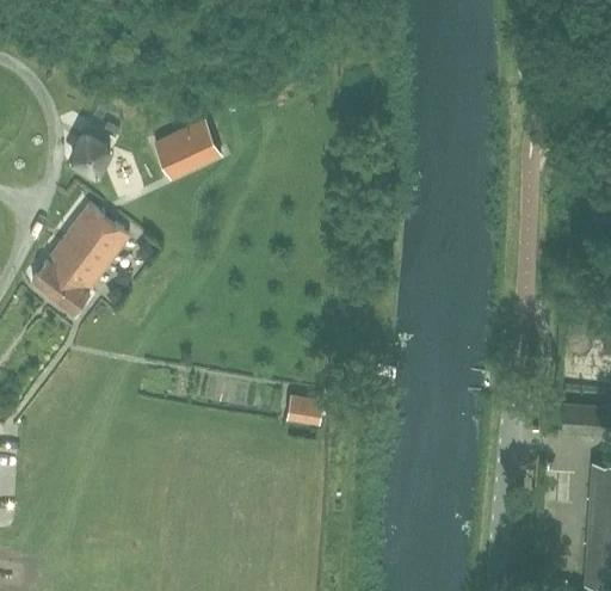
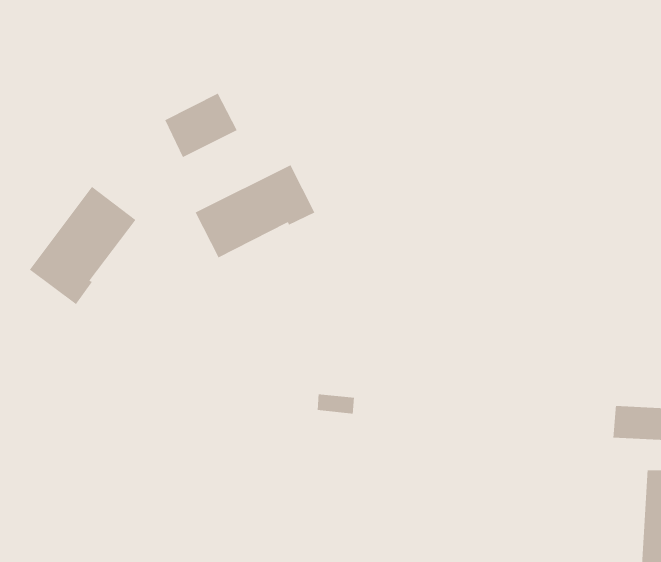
building: [72,134,110,172] -> none
building: none -> [194,164,315,258]

